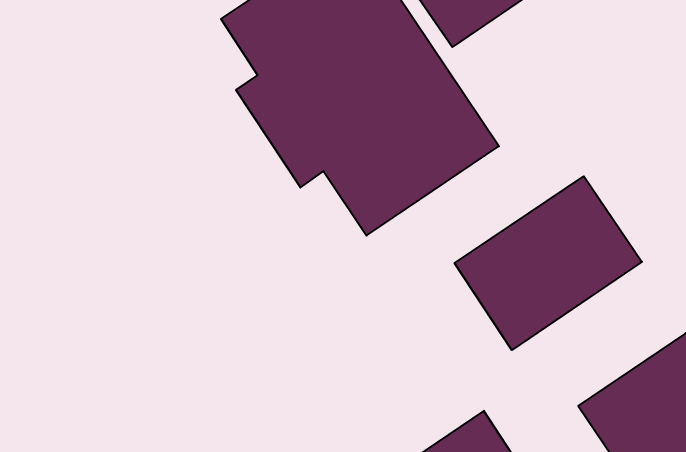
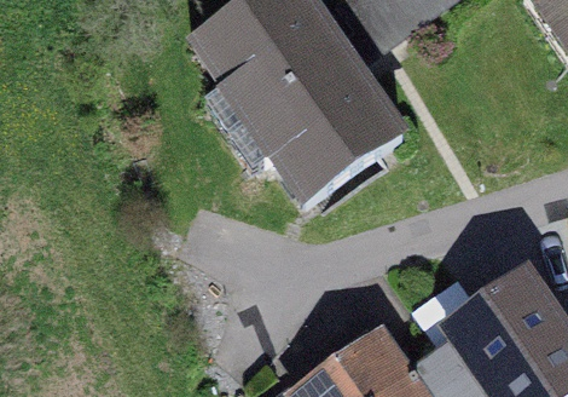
building: [455,176,642,350] -> none

